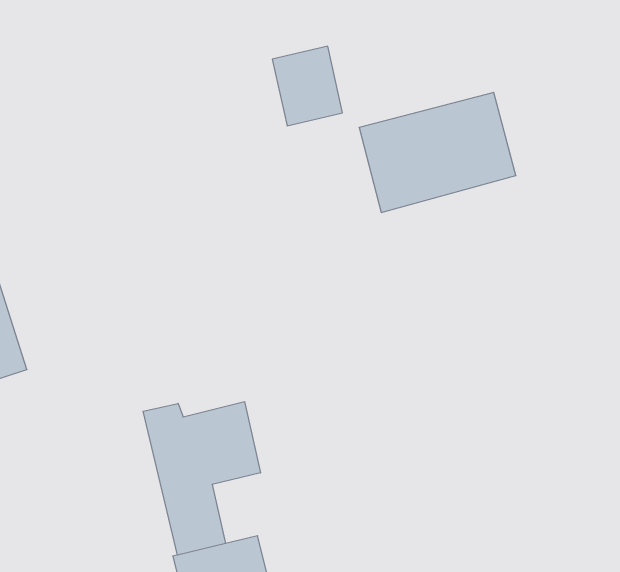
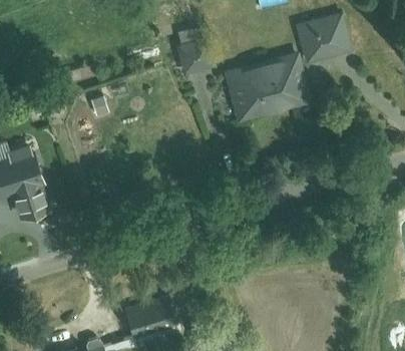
building: none -> [294,16,351,62]
building: [143,402,260,555] -> none

